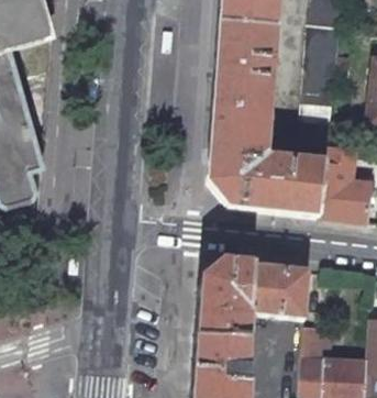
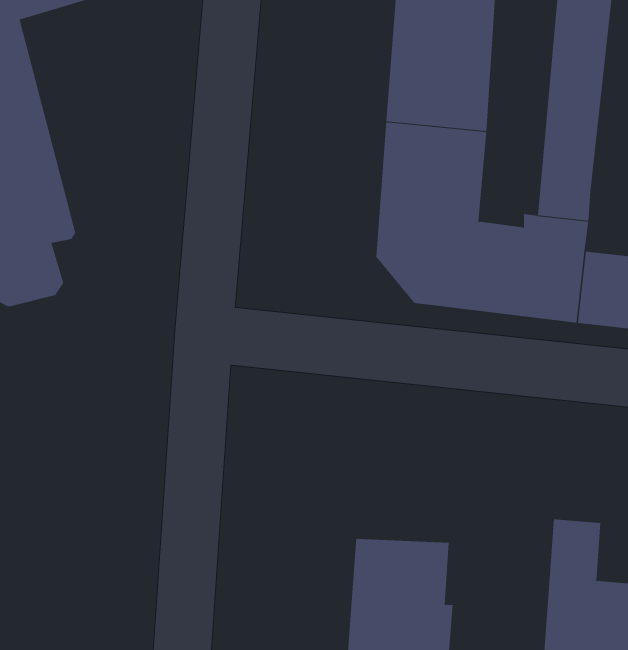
building: [197,257,309,335] -> none

